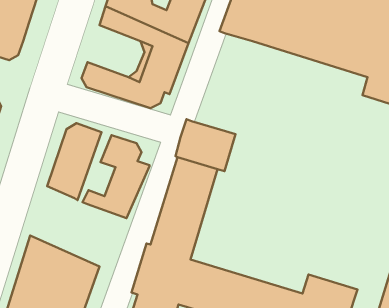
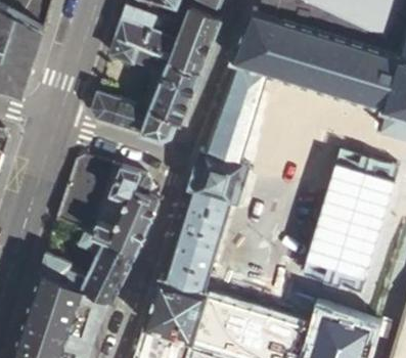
building: none -> [204,63,266,164]
building: none -> [305,149,399,290]
building: none -> [39,232,137,304]

